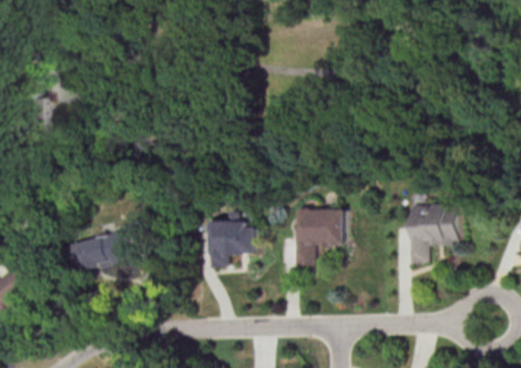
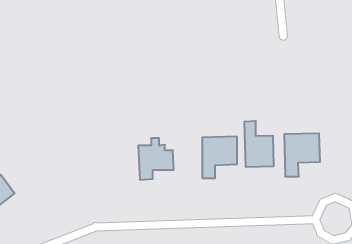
building: none -> [245,121,274,167]
building: [68,232,130,270] -> none

